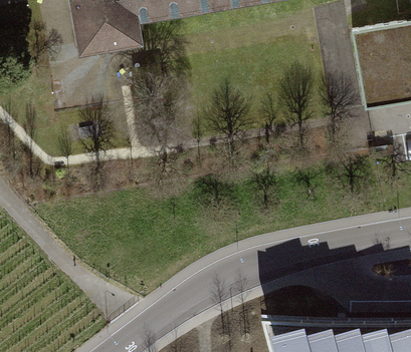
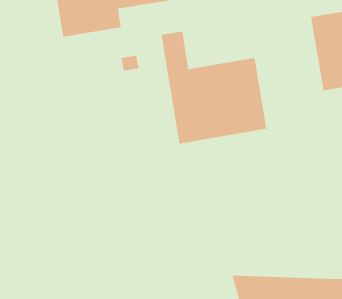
building: none -> [161,31,267,145]

